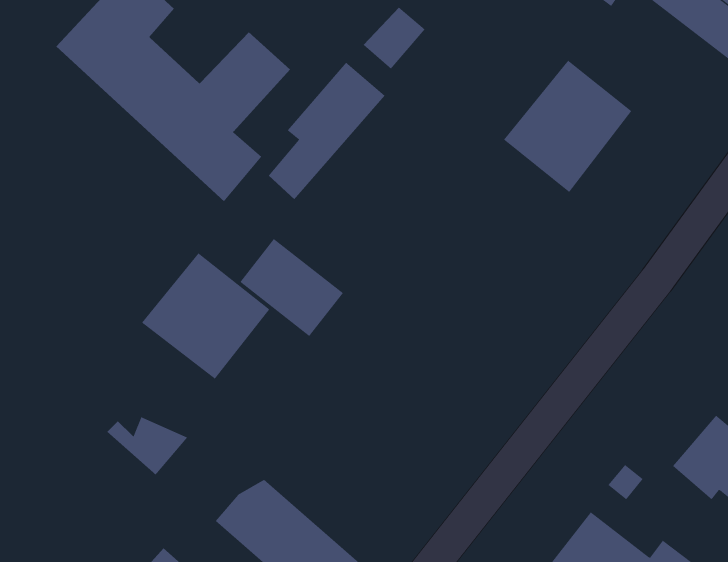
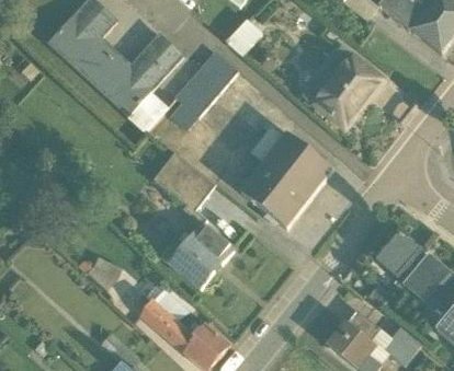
building: none -> [240,125,332,228]
building: [141,252,270,380] -> [159,216,234,289]
building: none -> [377,237,421,279]

